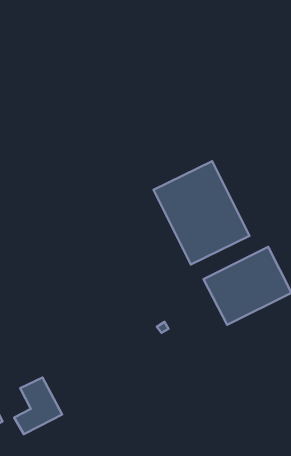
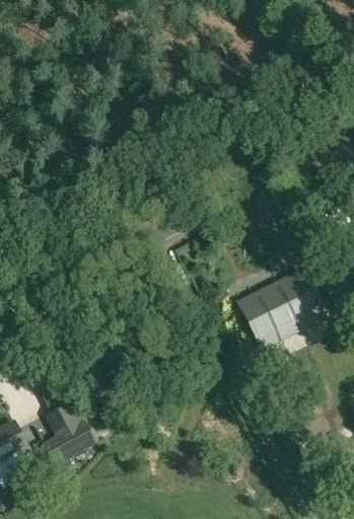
building: [154,161,249,264] -> none

